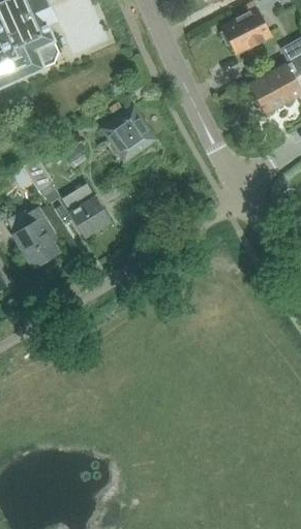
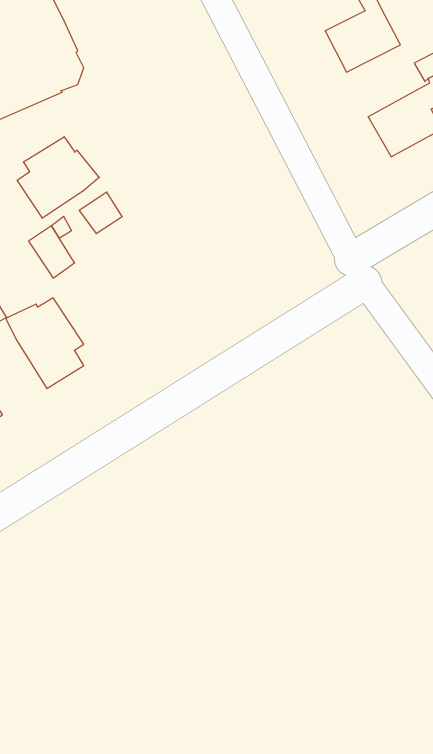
building: none -> [17,137,100,218]
building: [100,106,157,163] -> none
building: [63,184,110,237] -> none

